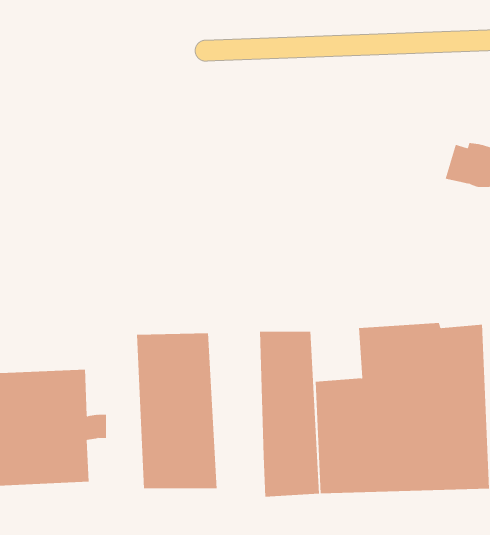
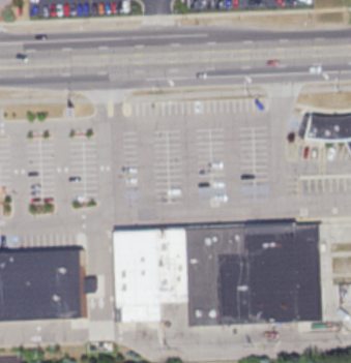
building: none -> [217,224,247,256]
building: none -> [156,226,188,303]

